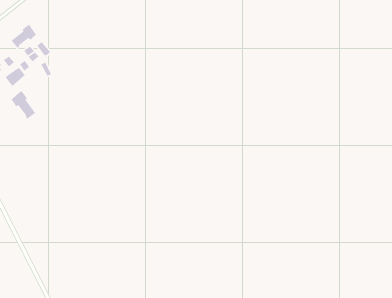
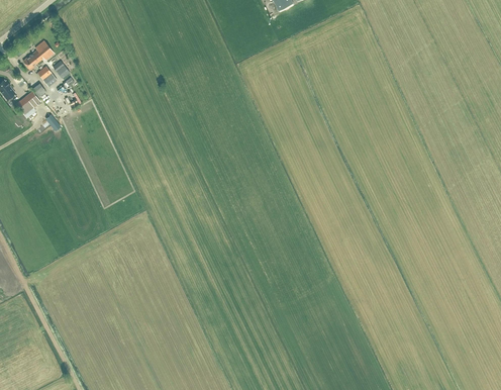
building: [11,90,36,120] -> none

